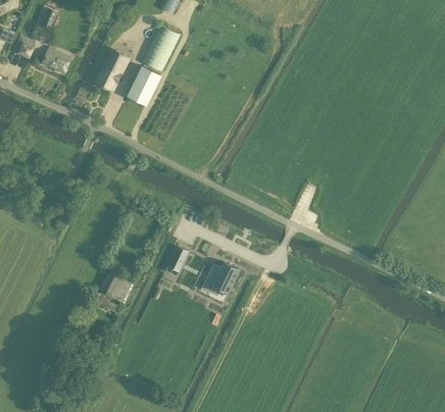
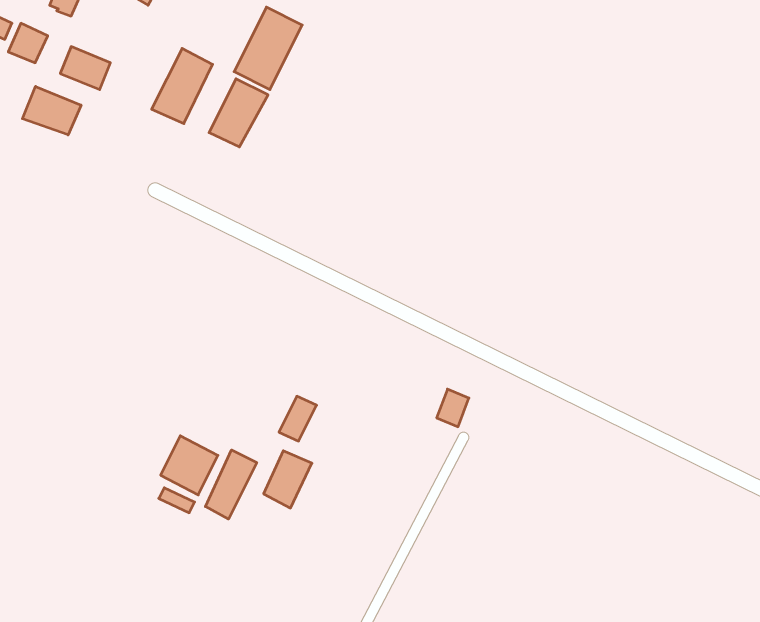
building: none -> [22,86,81,135]
building: [210,260,238,293] -> [264,451,312,508]
building: none -> [205,450,257,519]

